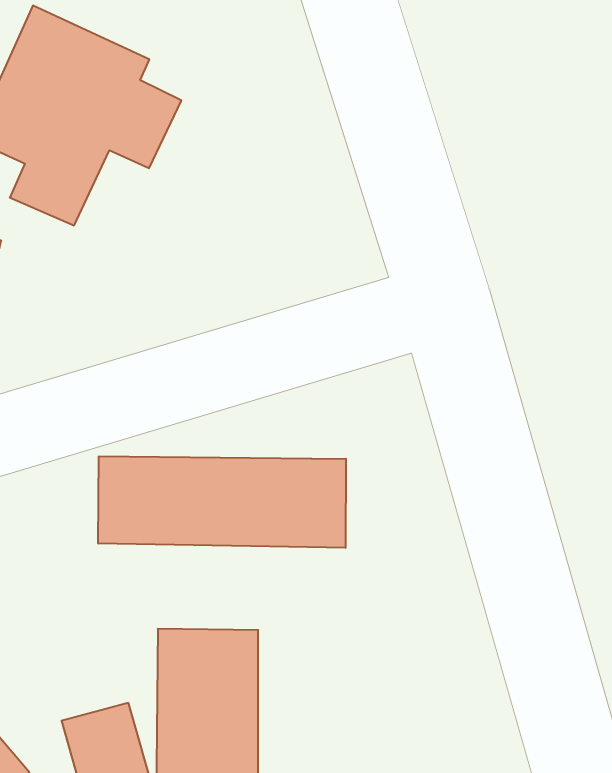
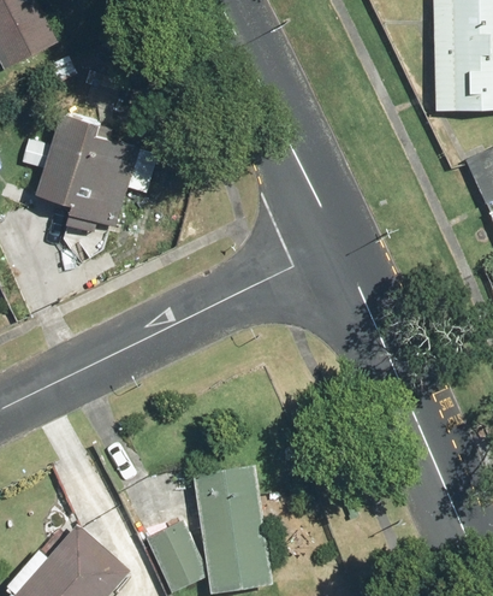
building: [98,456,346,548] -> none

